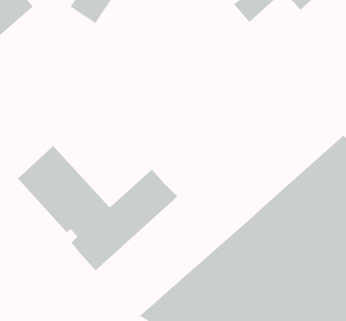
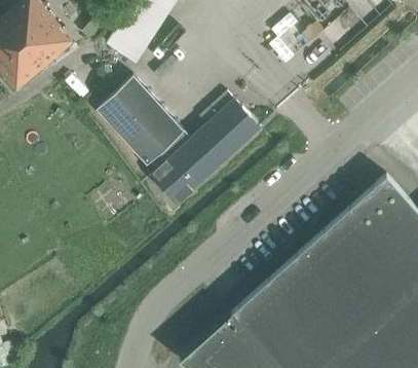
building: [17,145,178,271] -> [94,76,259,205]

